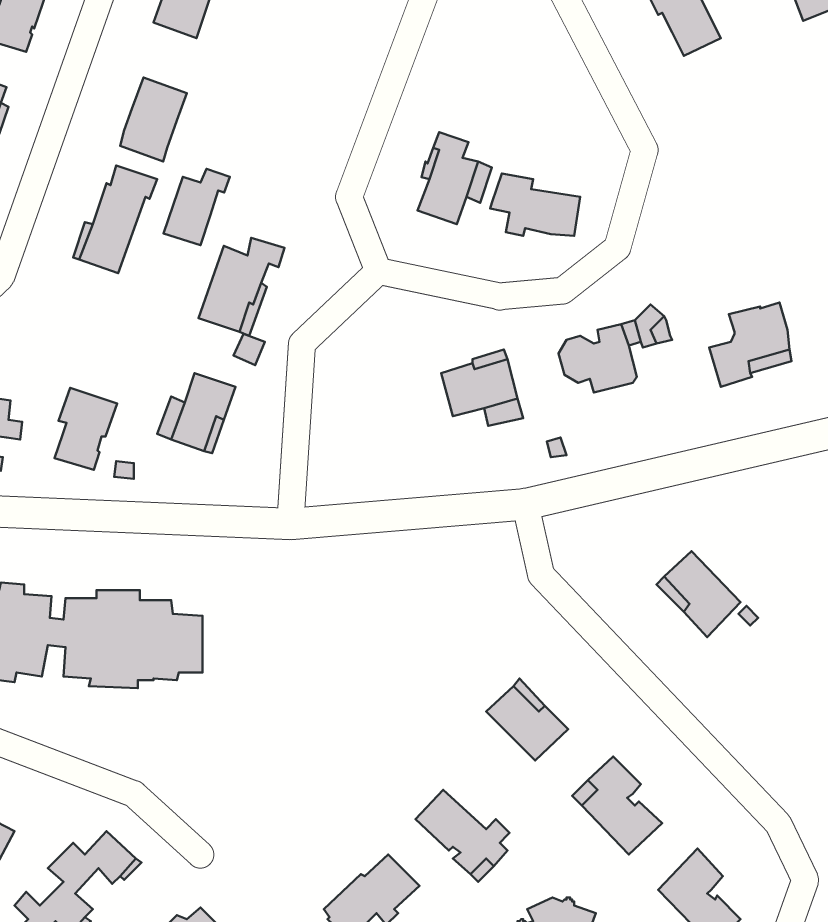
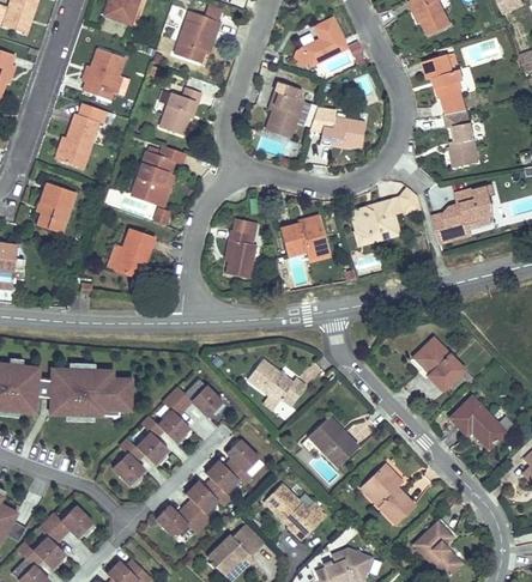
building: none -> [174,10,220,62]
building: none -> [292,17,346,66]
building: none -> [423,53,464,98]
building: [163,169,230,245] -> [159,87,200,134]
building: none -> [445,110,478,166]
building: none -> [225,219,256,278]
building: [55,388,117,470] -> [36,182,74,232]
building: none -> [247,358,306,406]
building: none -> [110,377,223,485]
building: none -> [448,395,506,448]
building: none -> [153,436,260,538]

